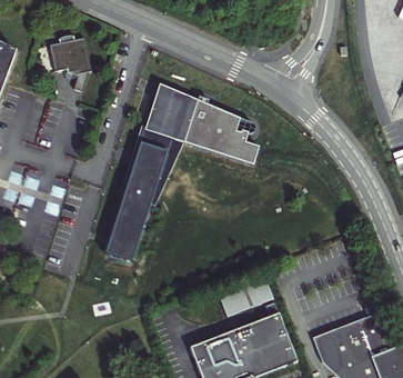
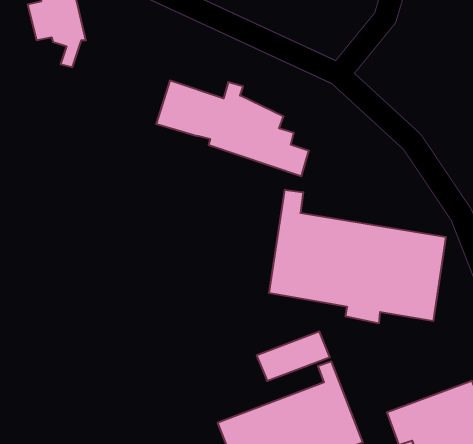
building: [104,126,184,262] -> none
building: none -> [269,190,446,323]

